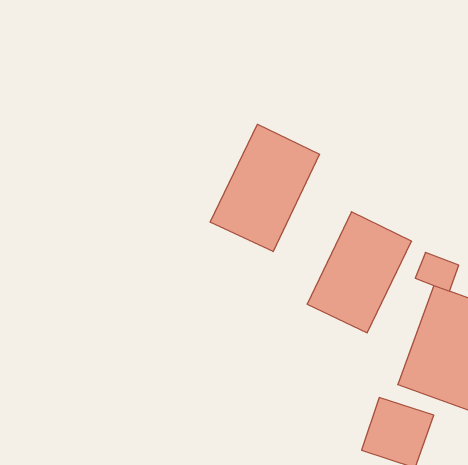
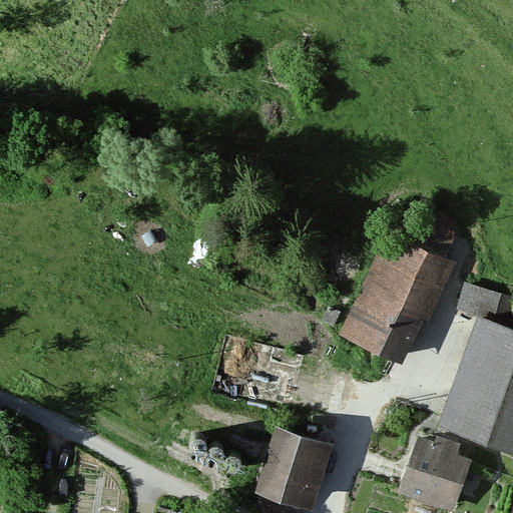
building: [210,124,319,252] -> none
building: none -> [254,425,331,508]

